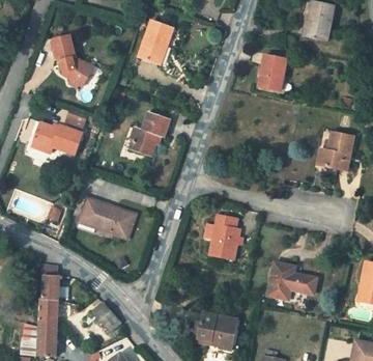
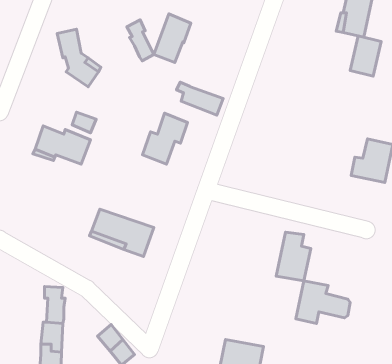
building: none -> [127,20,154,61]
building: [257,51,285,87] -> [350,36,381,76]
building: none -> [177,82,223,115]
building: [208,216,239,259] -> [276,232,311,281]

